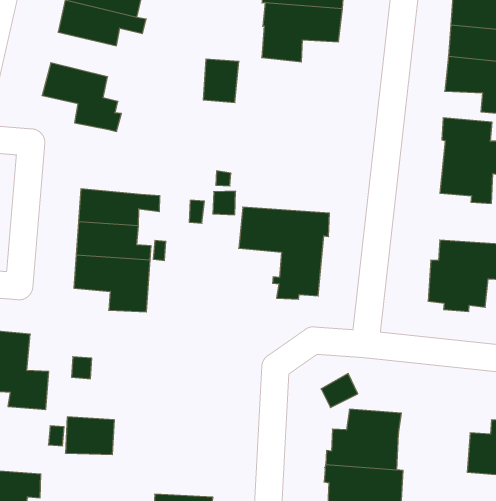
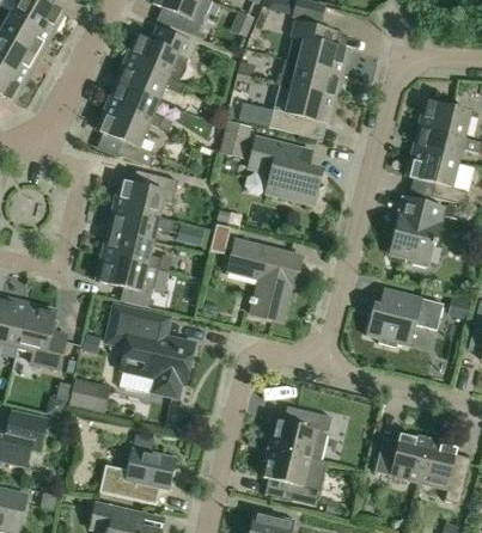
building: none -> [106,80,169,128]
building: none -> [249,135,323,202]
building: none -> [114,174,177,215]
building: none -> [105,302,194,396]

